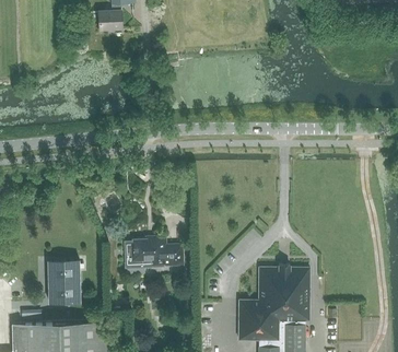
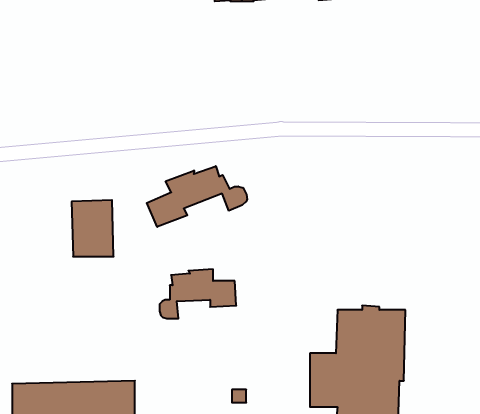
building: none -> [147,166,247,227]
building: [48,259,80,302] -> [72,200,114,257]

